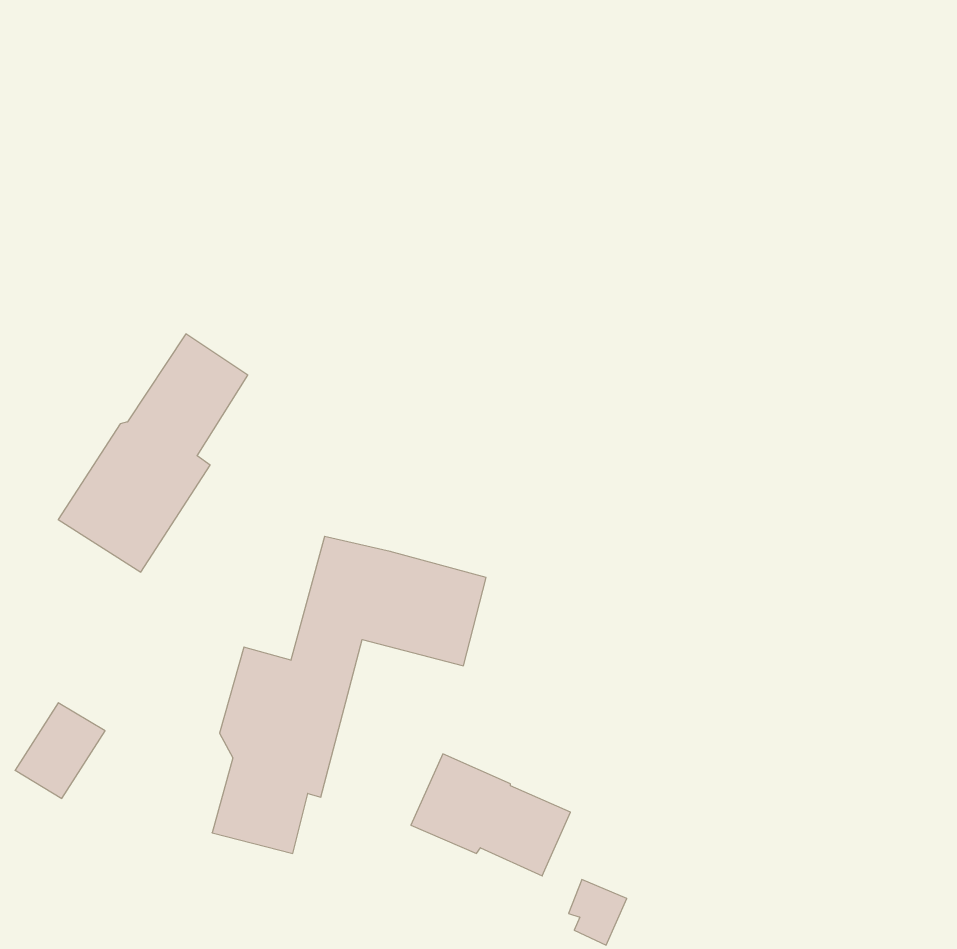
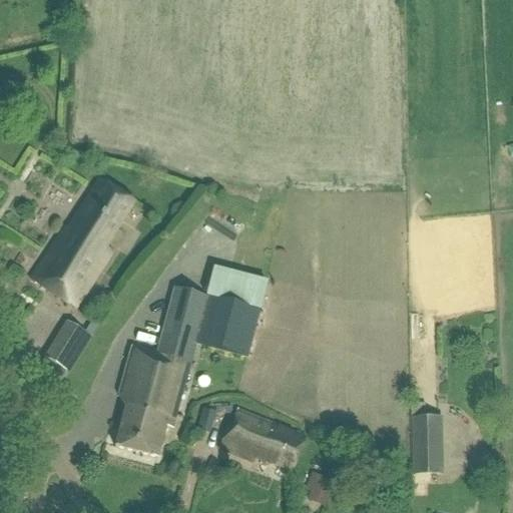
building: none -> [209,265,269,309]
building: [15,703,105,798] -> [44,319,92,370]
building: none -> [414,414,444,472]

